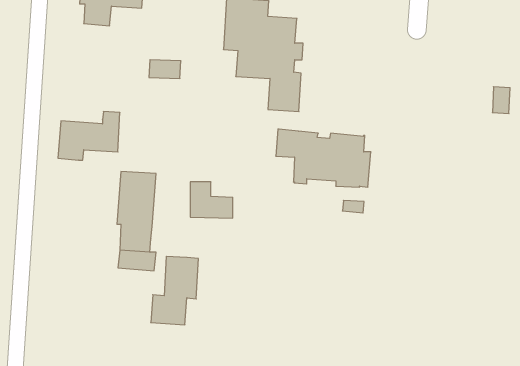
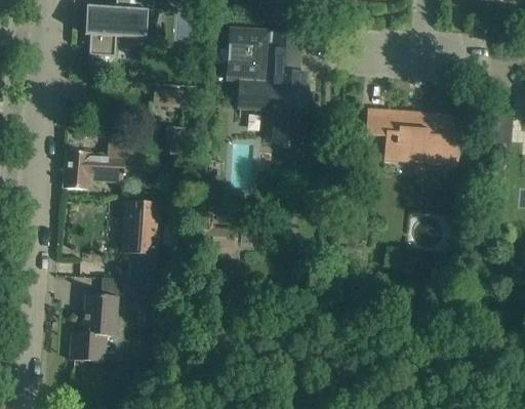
building: [276,129,371,187] -> [365,107,459,164]
building: [151,256,198,325] -> [70,293,117,361]

